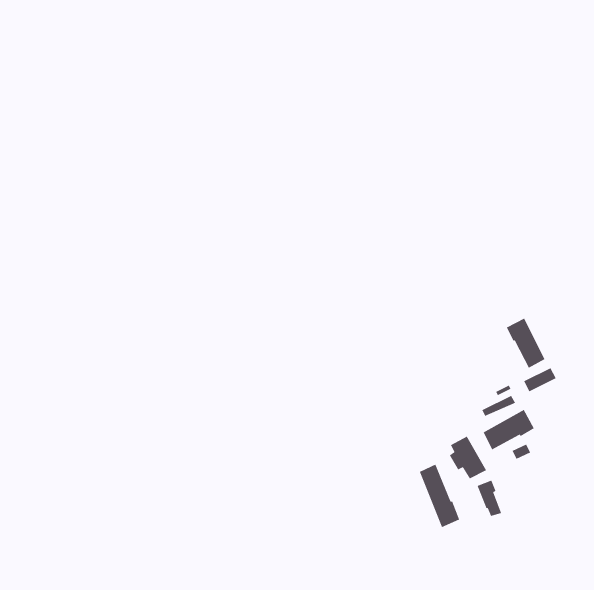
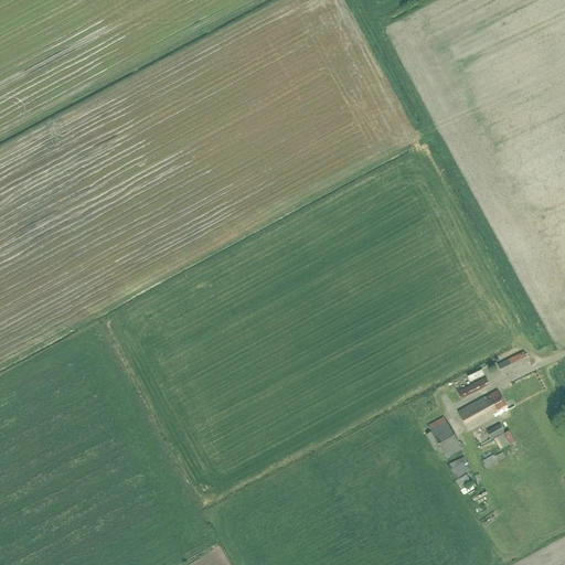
building: [506,317,545,369] -> none
building: [419,463,460,528] -> none

